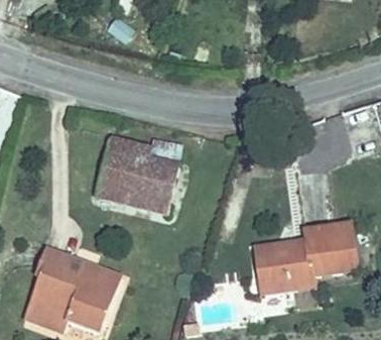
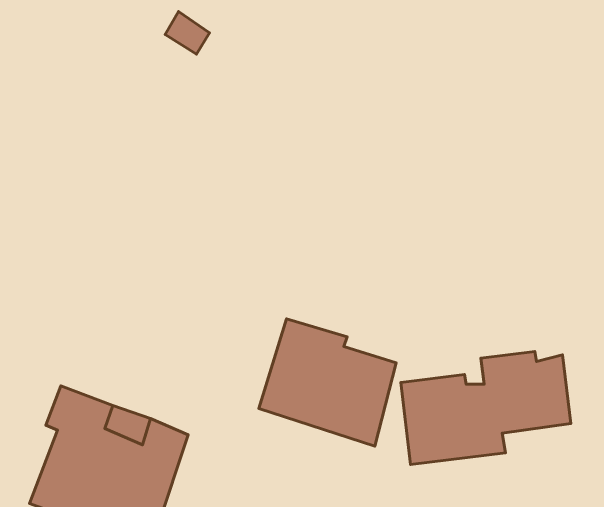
building: [96,136,180,215] -> [259,319,396,446]

